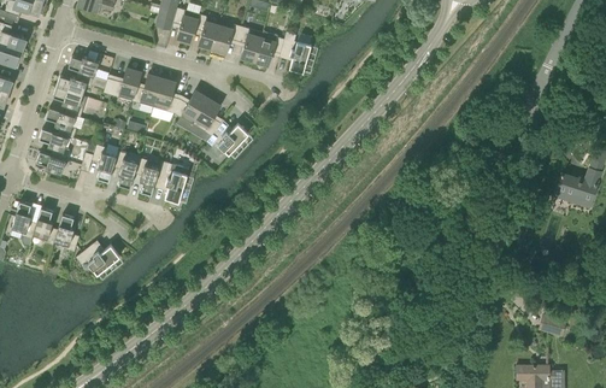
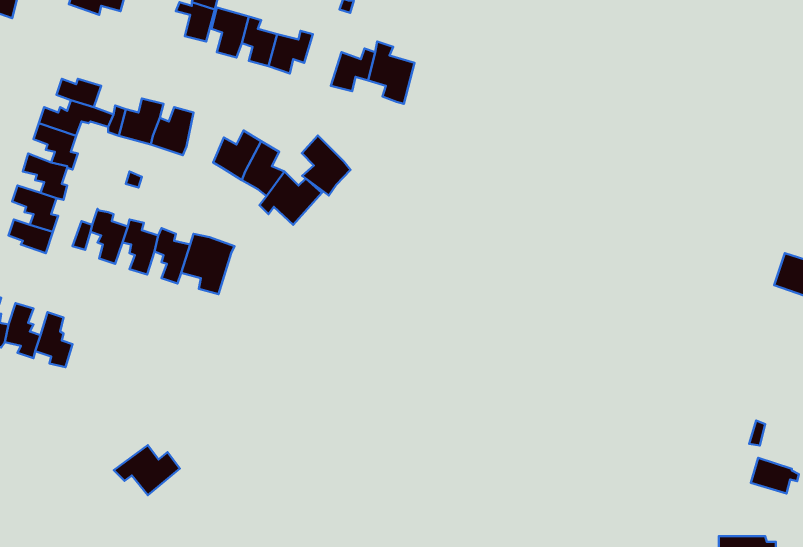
building: [236,27,263,61] -> none
building: [154,80,182,113] -> none
building: none -> [302,135,350,196]
building: [75,241,119,275] -> [114,445,180,495]

